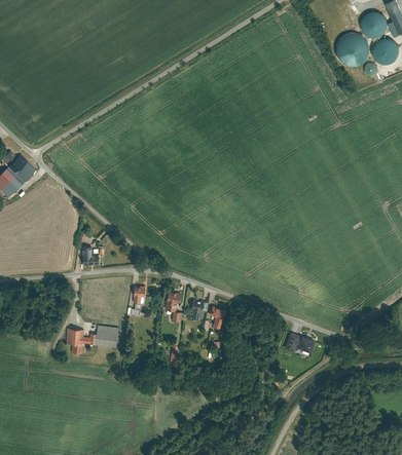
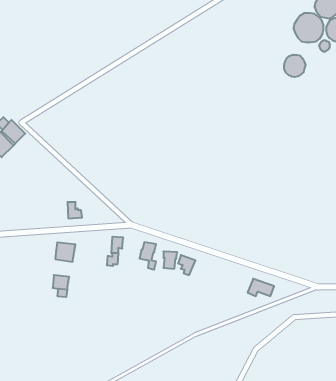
building: none -> [284,55,305,77]
building: [97,326,119,347] -> [55,243,75,262]

